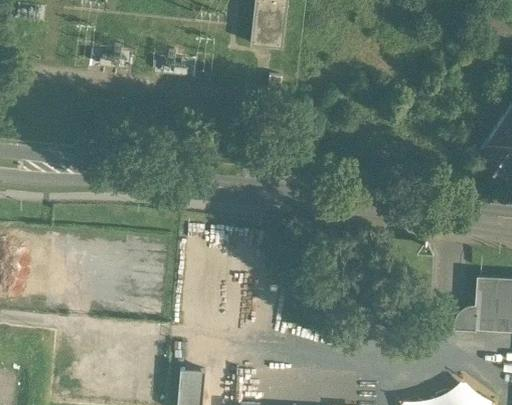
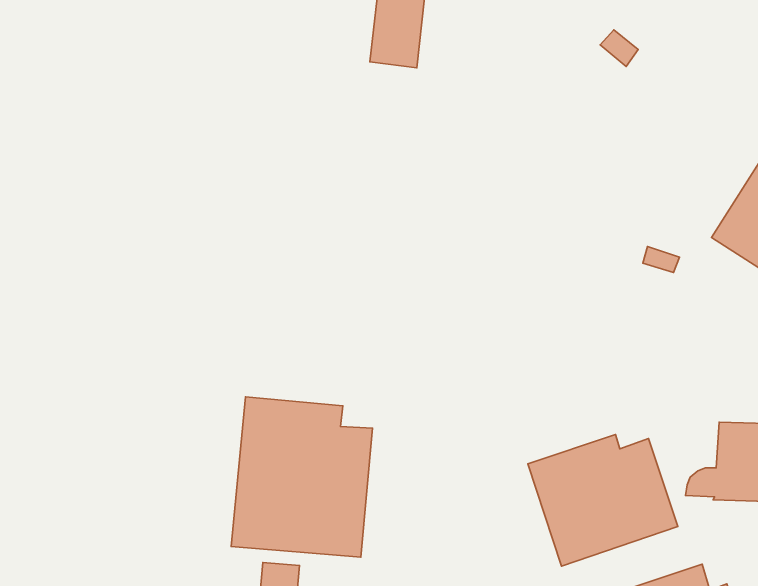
building: none -> [231,397,373,557]
building: none -> [528,435,678,566]

